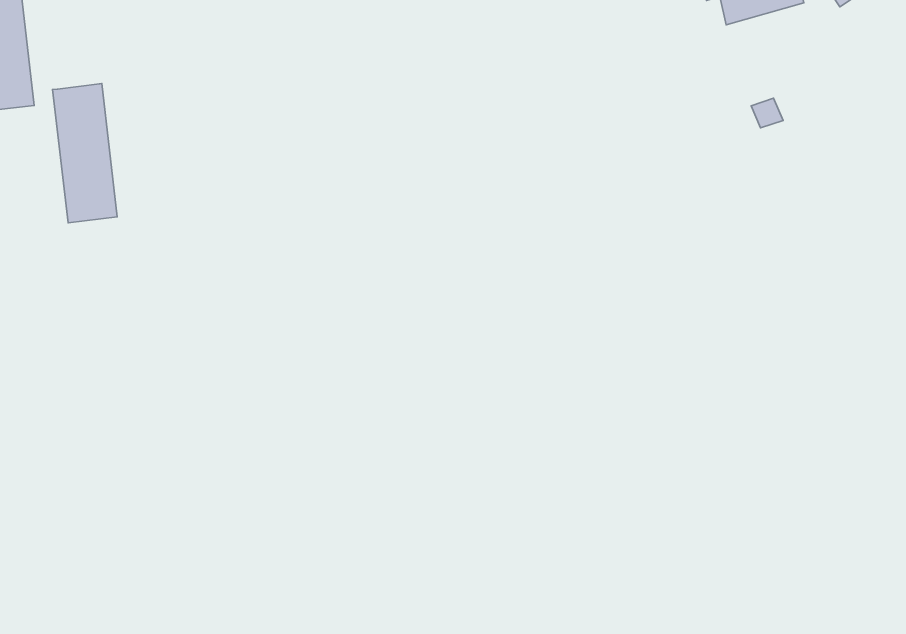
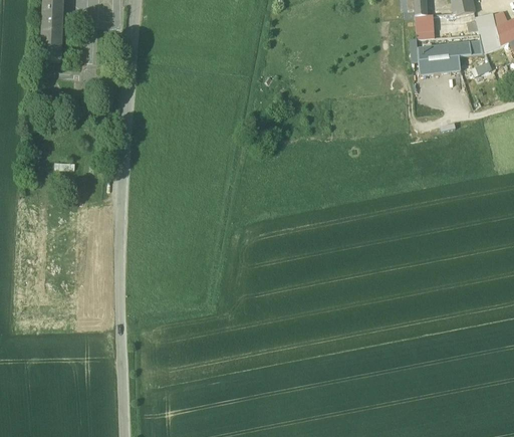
building: [53,84,117,223] -> none

